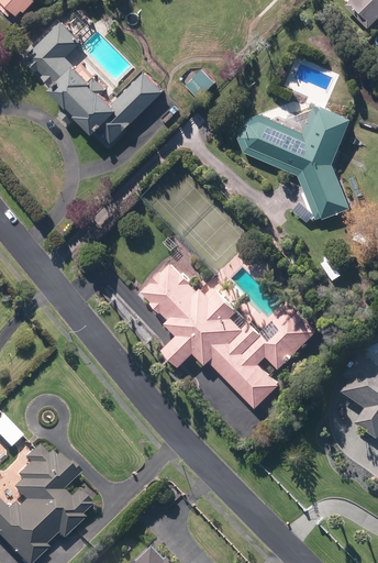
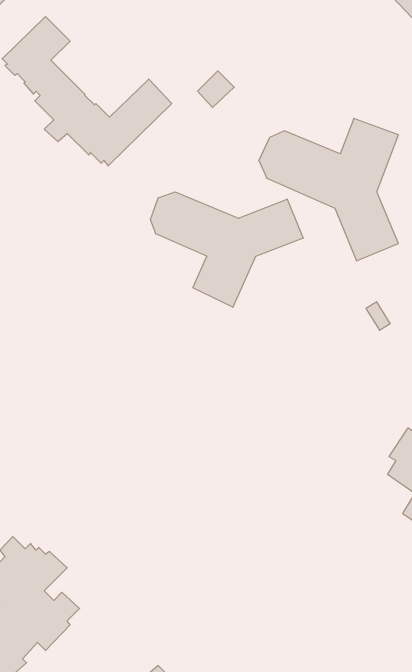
building: none -> [150,192,303,307]
building: [141,265,314,409] -> none

